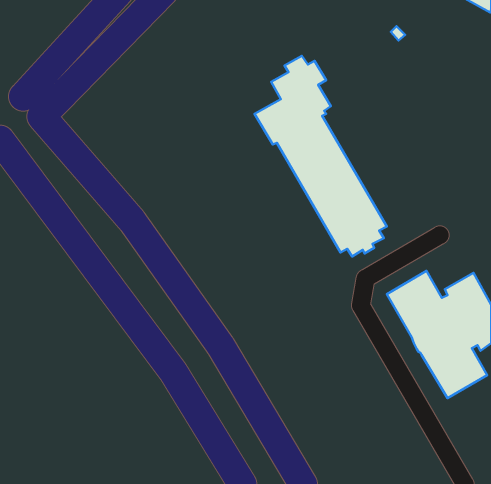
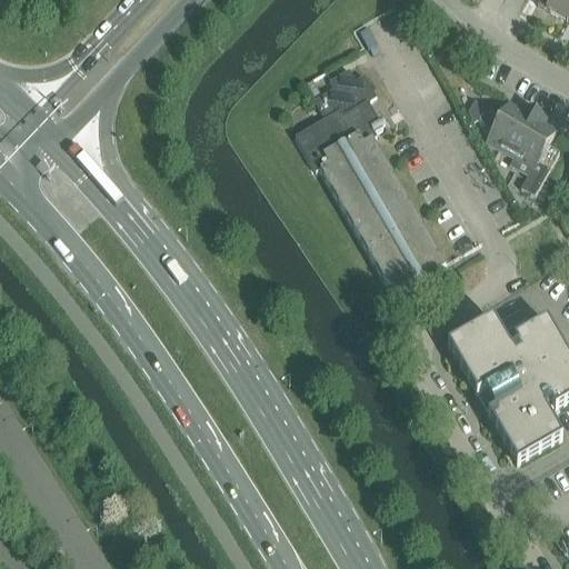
building: none -> [473,99,558,190]

